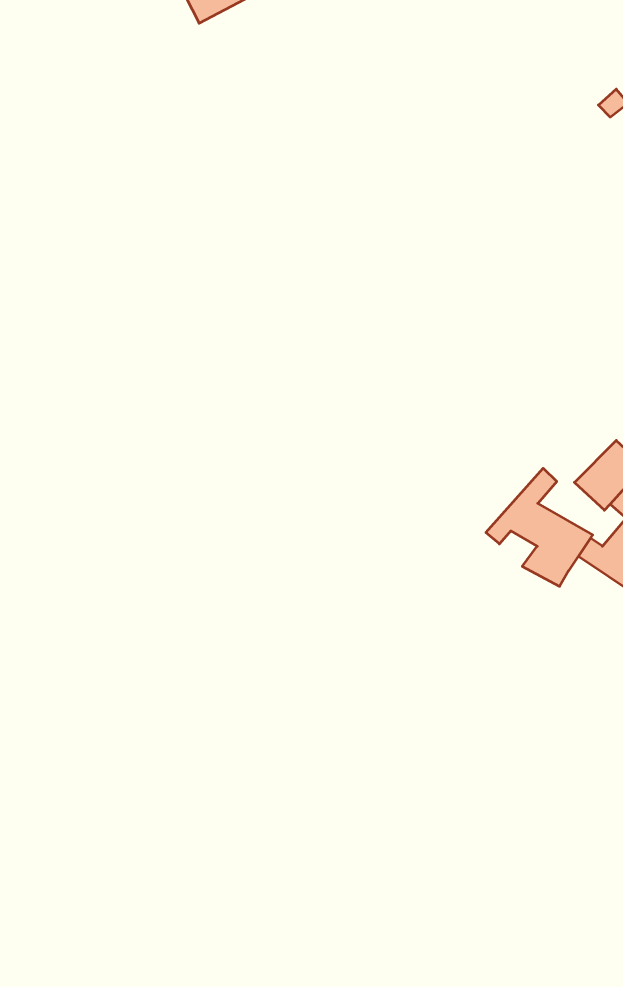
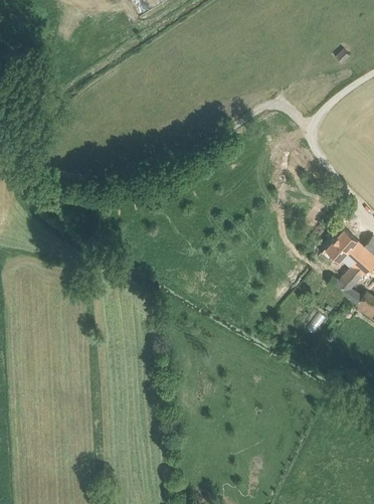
building: [486,468,593,586] -> none

